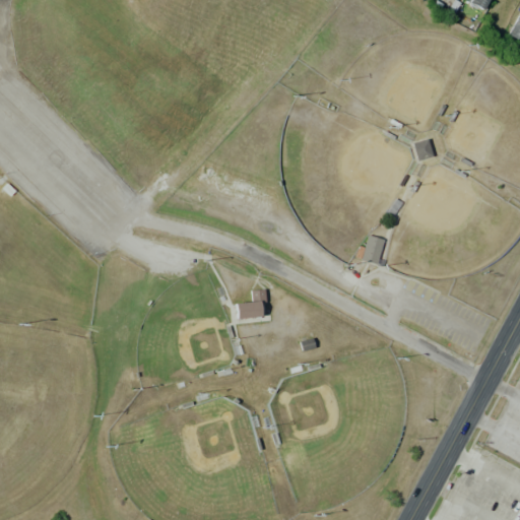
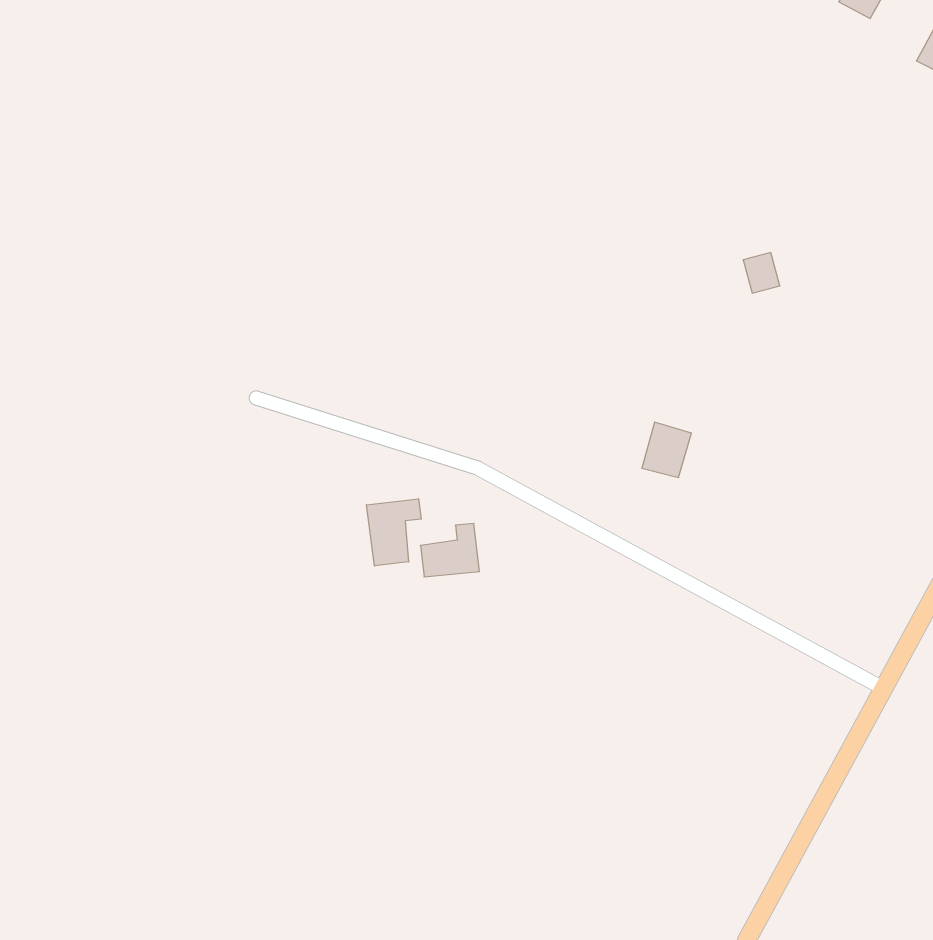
building: none -> [367,499,421,566]

